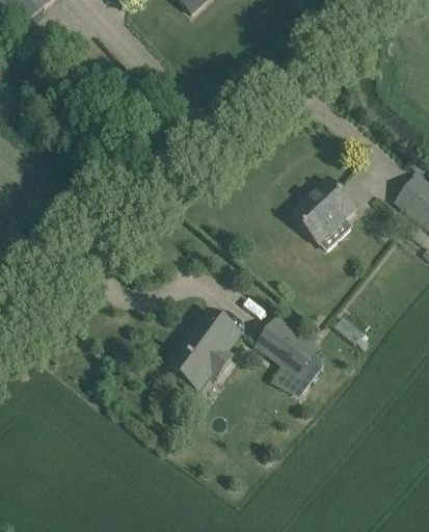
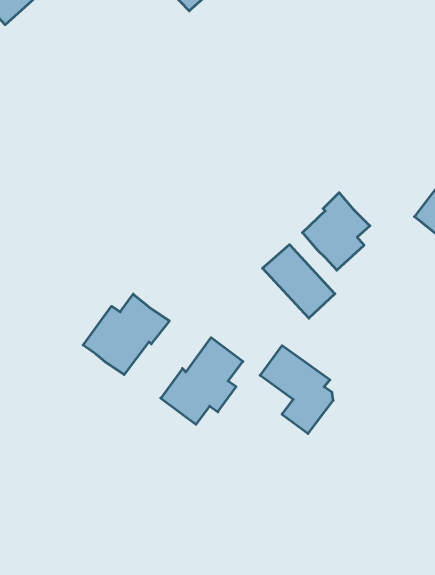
building: none -> [262,245,335,318]
building: none -> [83,294,169,375]

